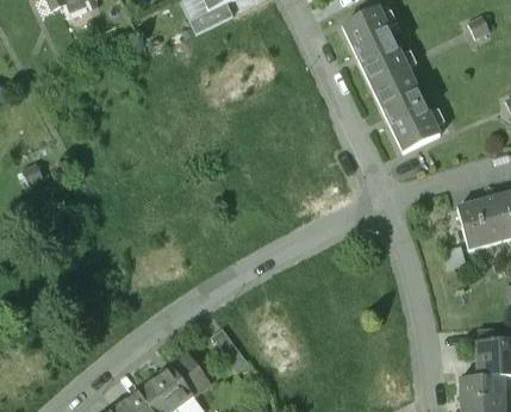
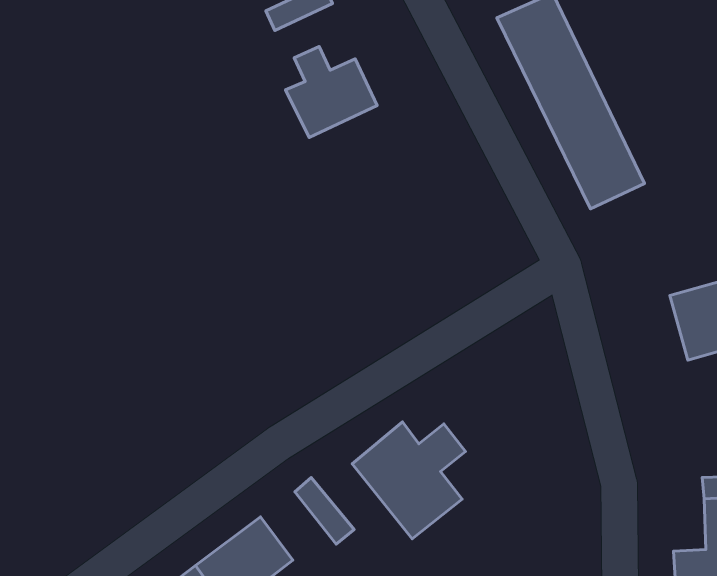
building: none -> [286,47,377,137]
building: none -> [352,422,465,539]

